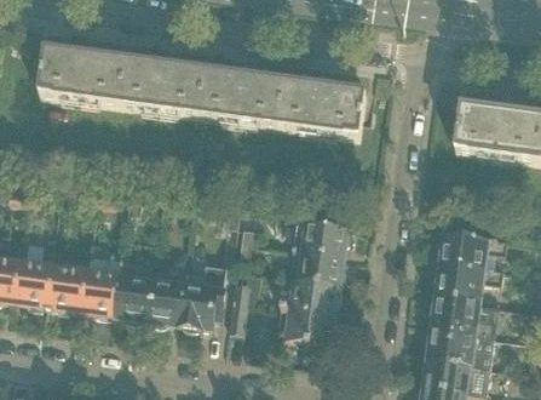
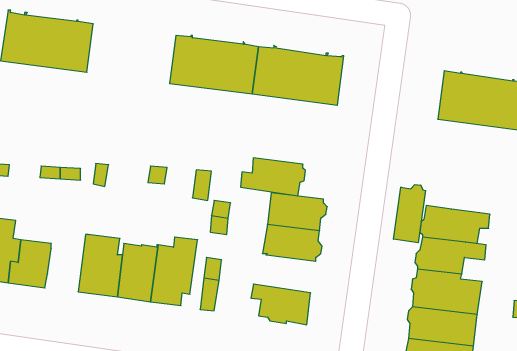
building: [121,57,206,114] -> none
building: none -> [394,185,426,243]
building: [81,251,121,313] -> none
building: [280,278,341,314] -> [241,158,305,196]

